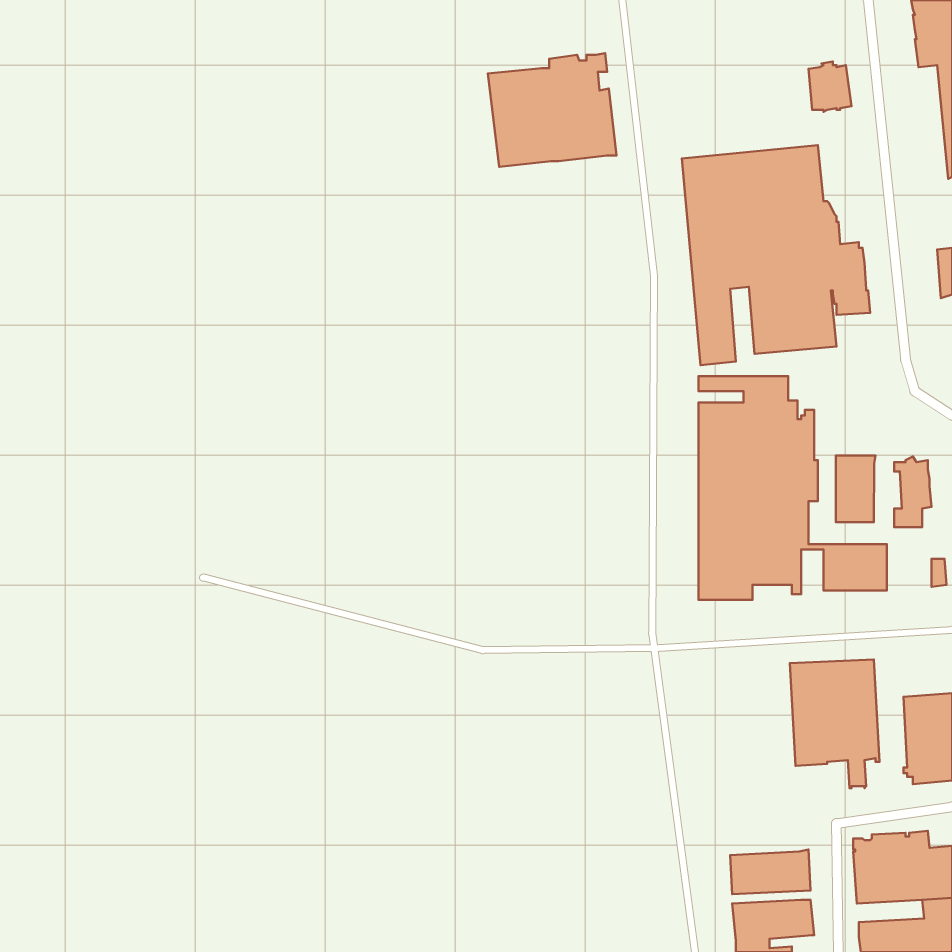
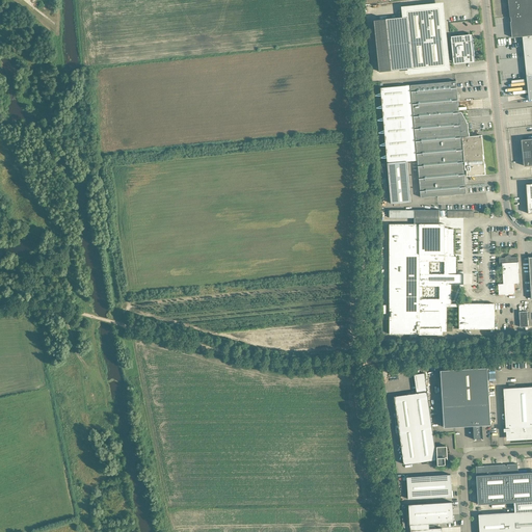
building: [488,53,616,167] -> [373,8,445,72]
building: [836,455,876,522] -> none
building: none -> [394,373,448,464]

